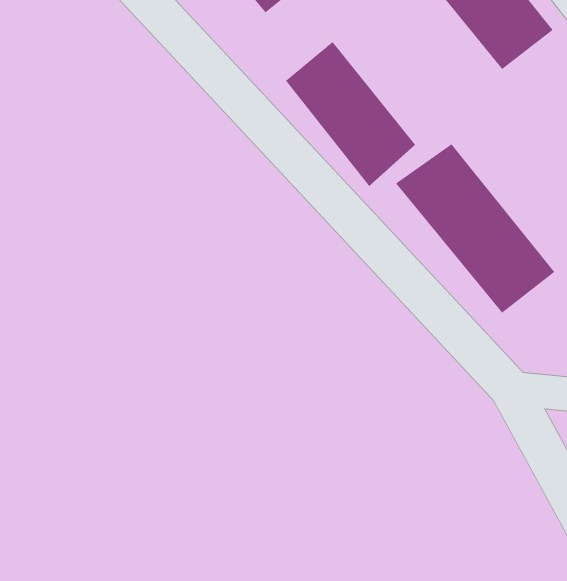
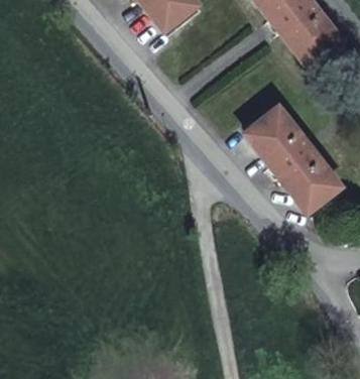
building: [285,41,416,187] -> none

